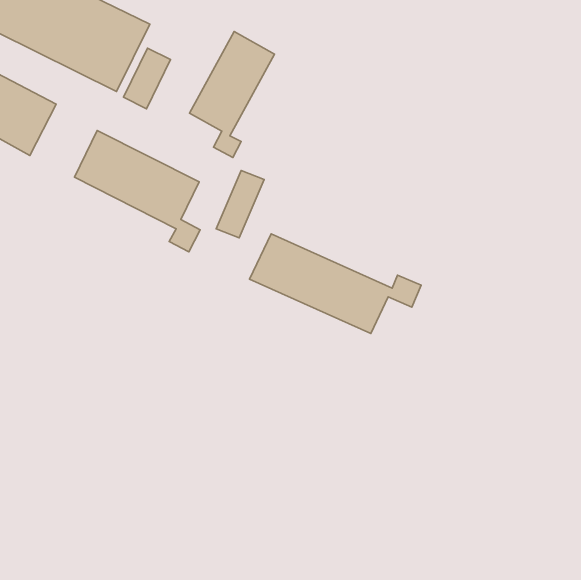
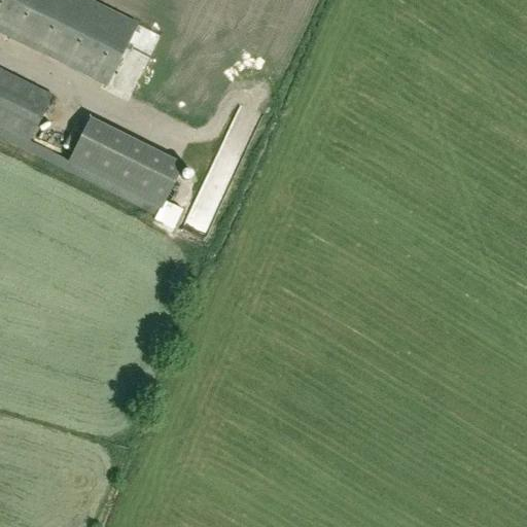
building: [189,31,275,157] -> none
building: [250,234,421,333] -> none

